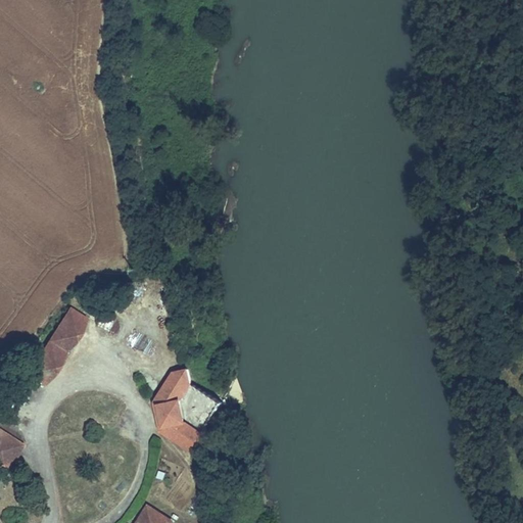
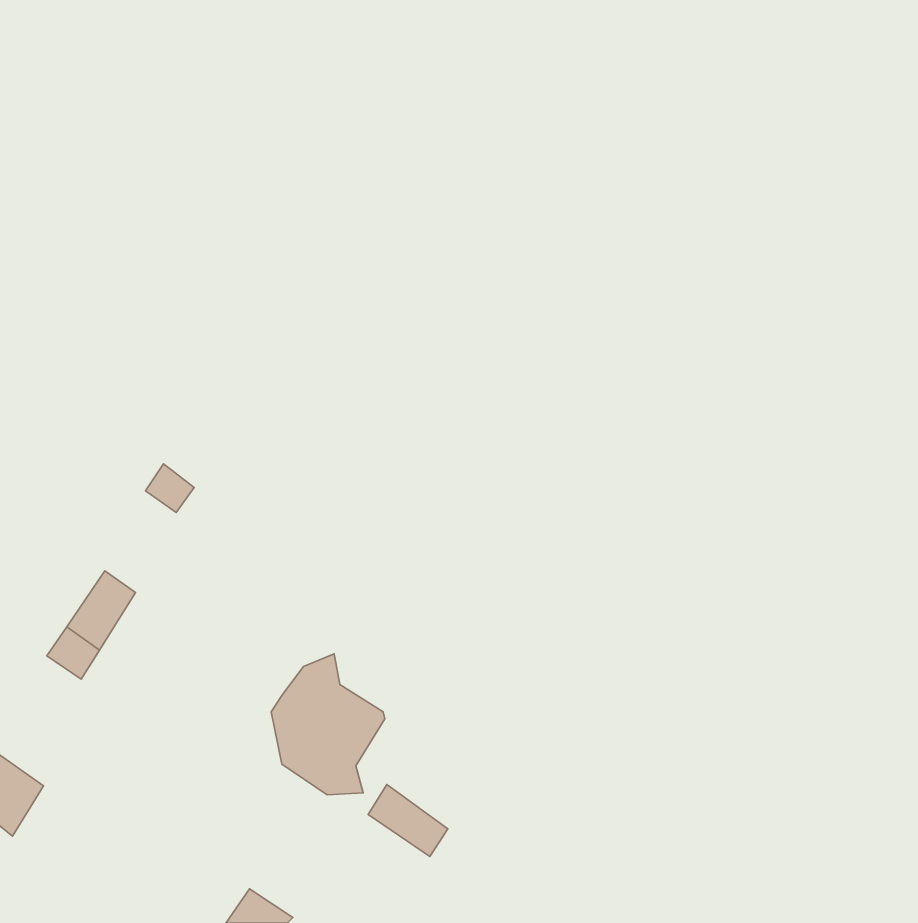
building: [59,307,87,335] -> [146,464,194,513]
building: none -> [368,785,448,857]

